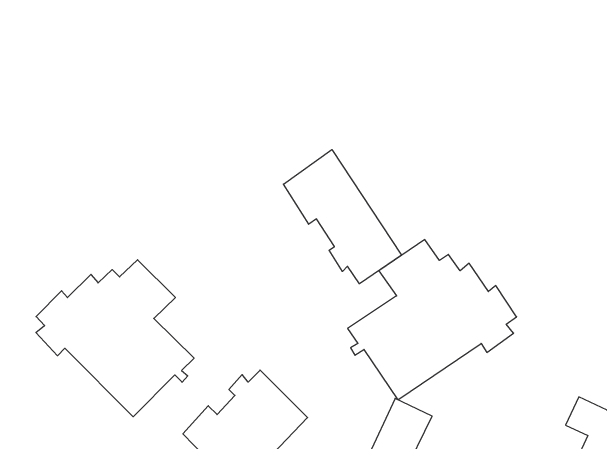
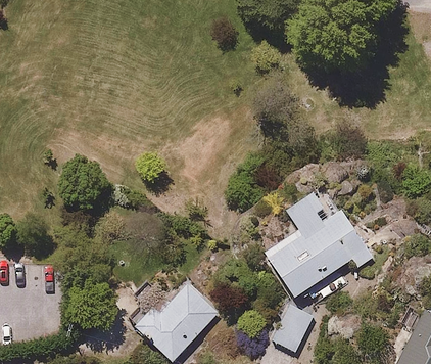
building: [283,150,401,284] -> none
building: [36,260,194,417] -> none

